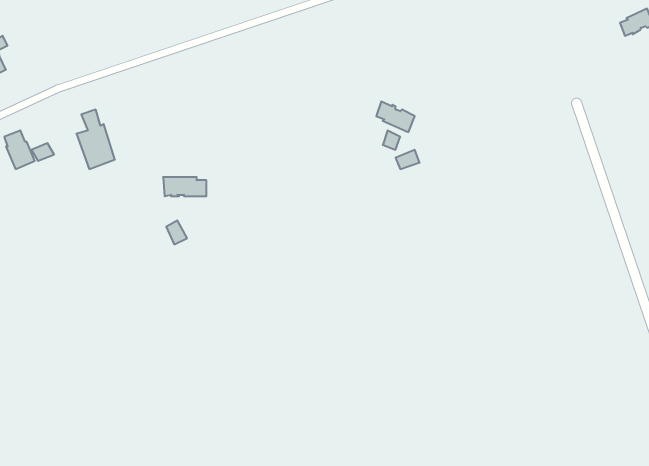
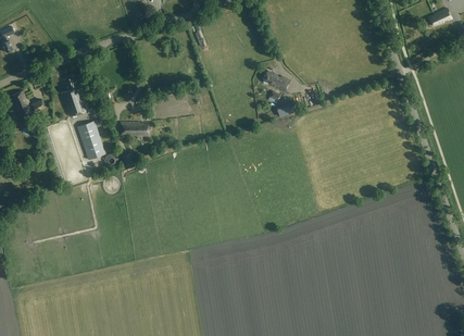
building: none -> [77,121,105,160]

